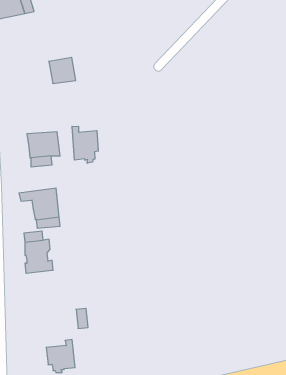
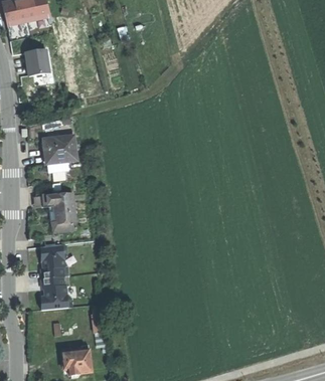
building: [49,57,76,83] -> [23,48,50,74]
building: [72,126,98,163] -> none
building: none -> [41,274,71,309]

